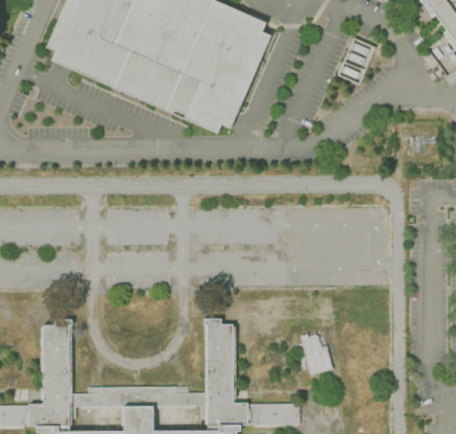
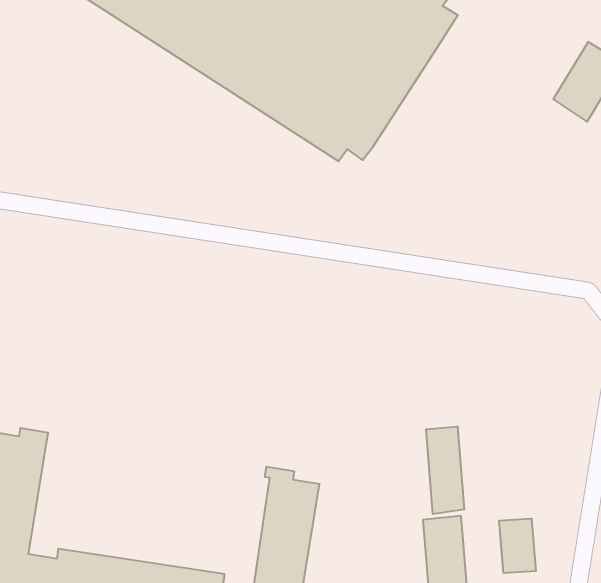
building: none -> [426,426,464,514]
building: none -> [499,518,536,573]

